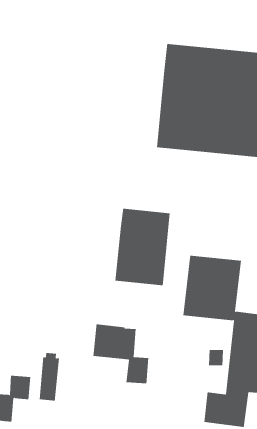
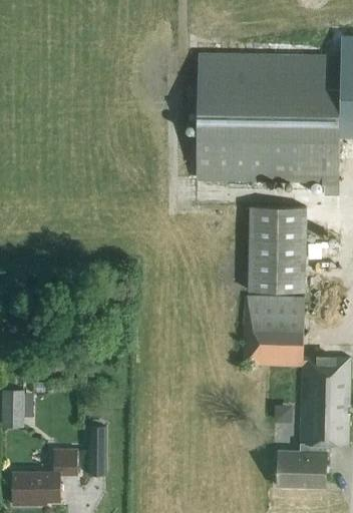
building: [115,208,170,286] -> [249,207,306,292]
building: [93,324,149,384] -> none

